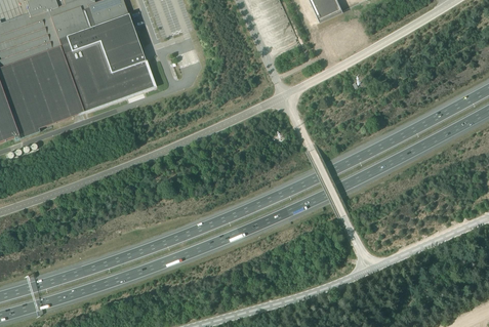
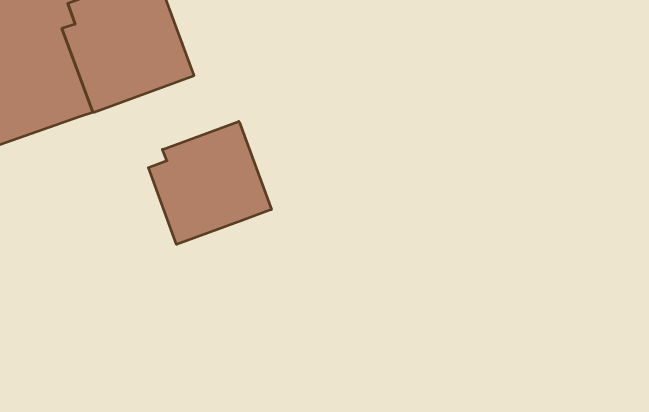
building: none -> [148,121,271,244]

